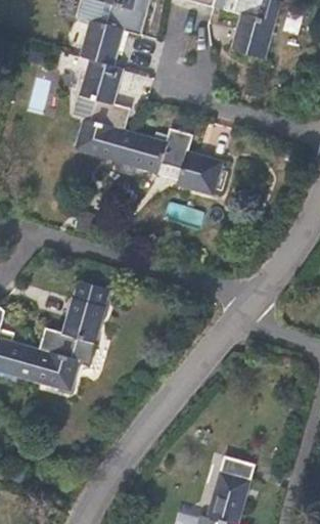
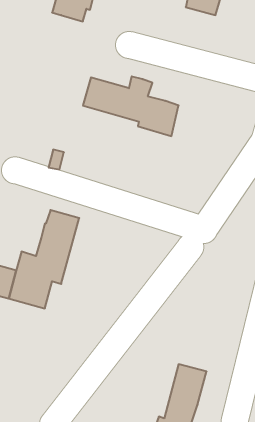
building: [73,59,130,162] -> none

